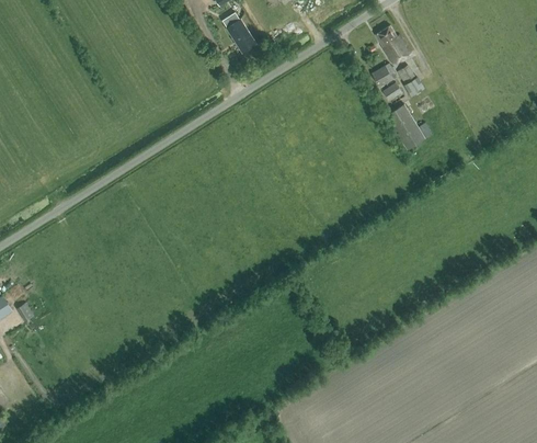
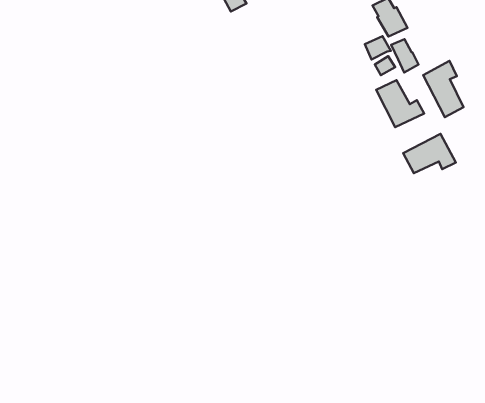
building: none -> [423,61,463,117]
building: none -> [403,134,456,173]

